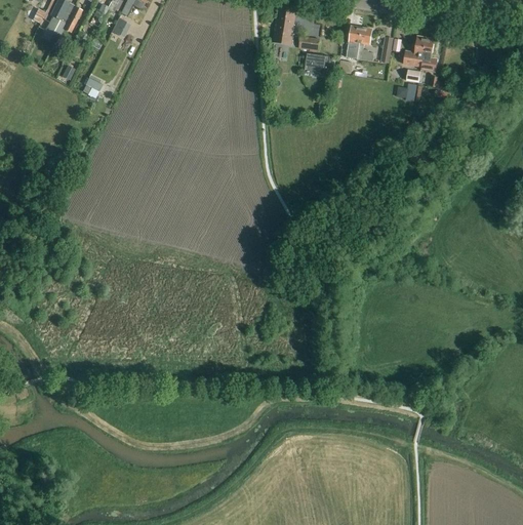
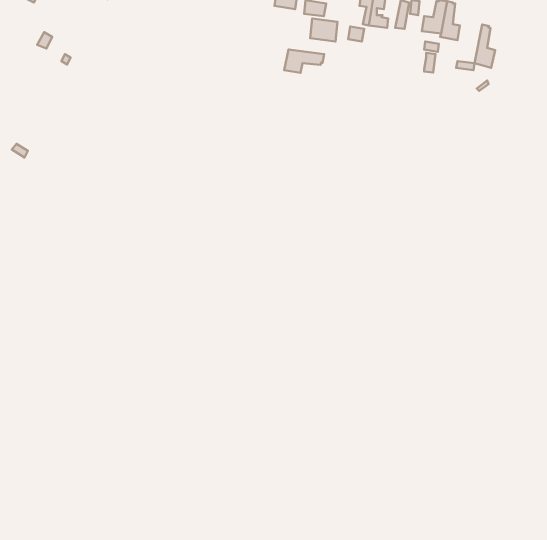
building: none -> [475,24,495,68]
building: none -> [284,49,324,73]

